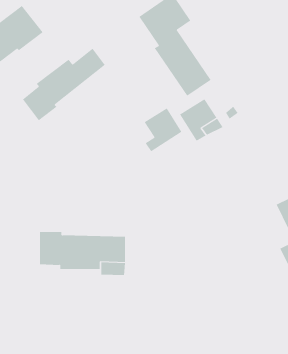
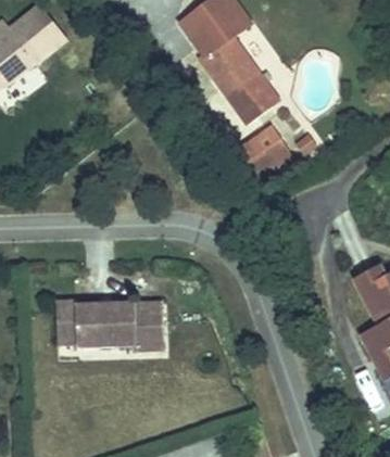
building: [22,48,106,121] -> none
building: [144,108,182,152] -> none

